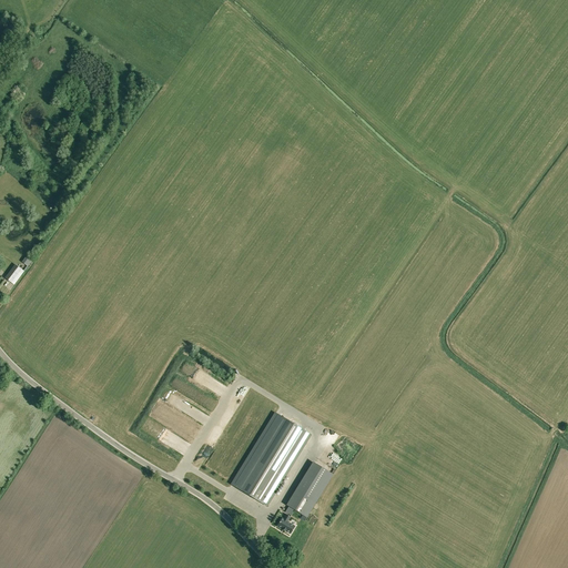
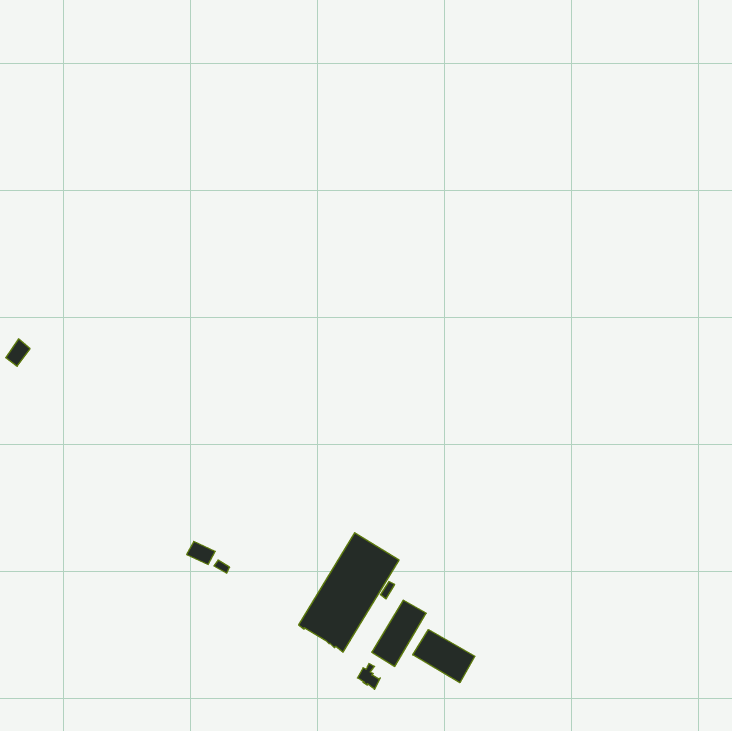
building: none -> [413,630,475,683]

